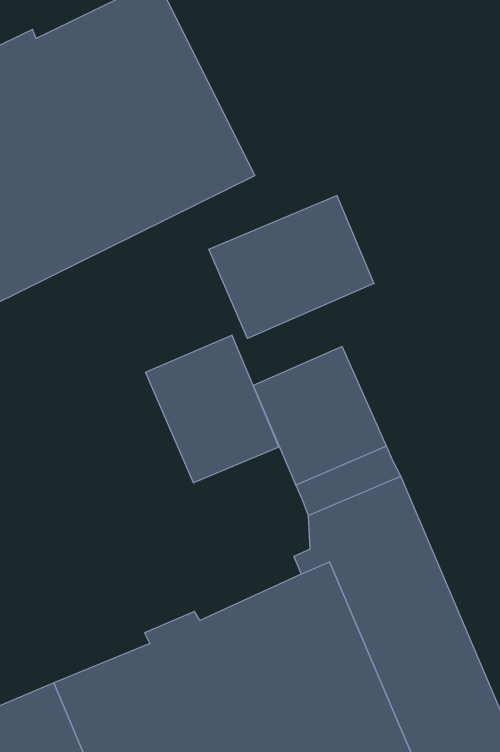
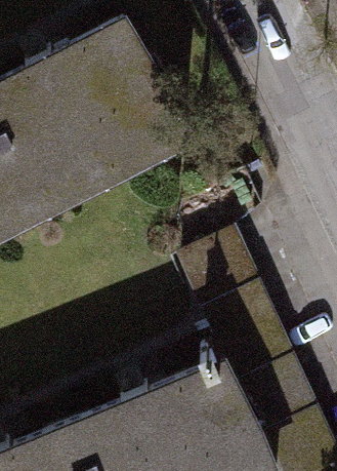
building: [209,195,374,338] -> none
building: [146,335,279,483] -> none

